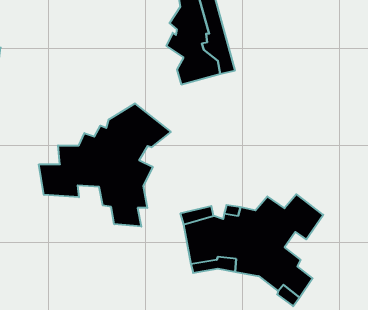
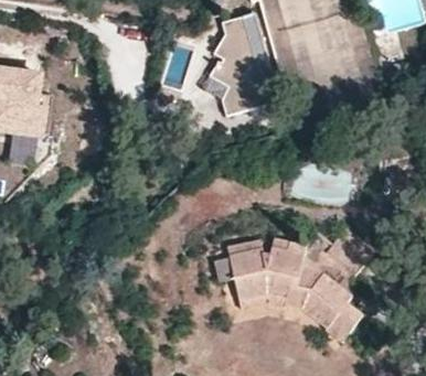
building: [39,103,171,227] -> none

